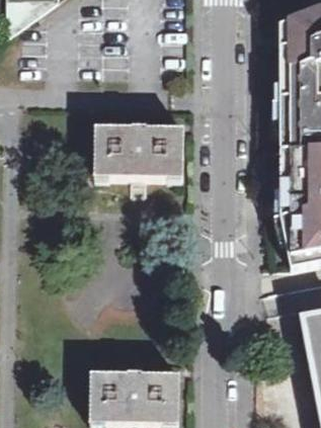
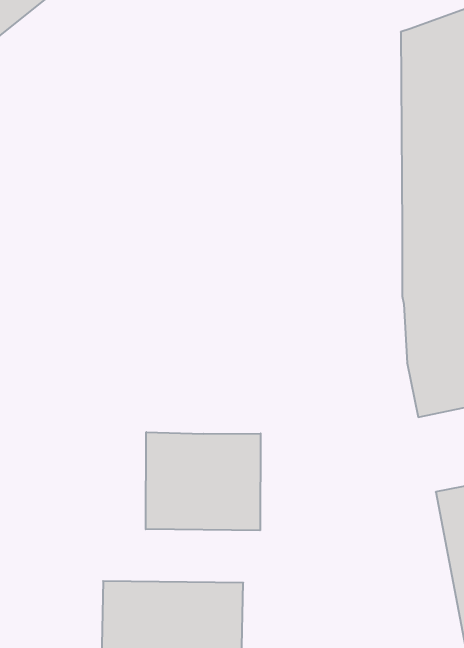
building: [93,123,183,176] -> none
building: none -> [146,432,261,530]

